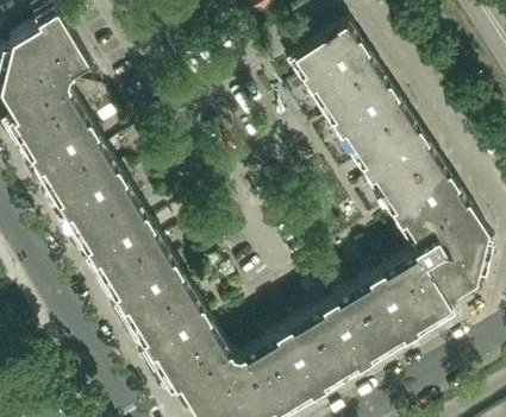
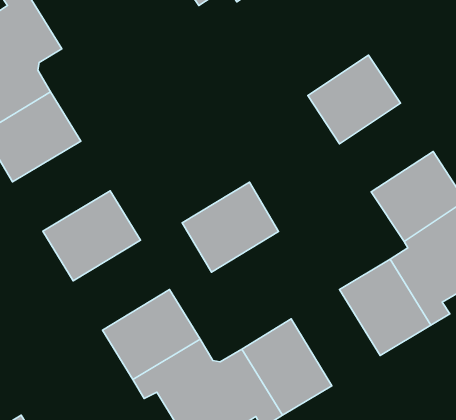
building: [291,23,379,107] -> none
building: [351,114,439,197] -> none
building: [44,150,136,234] -> none
building: [101,242,192,327] -> [182,182,279,272]
building: [306,289,389,379] -> none

